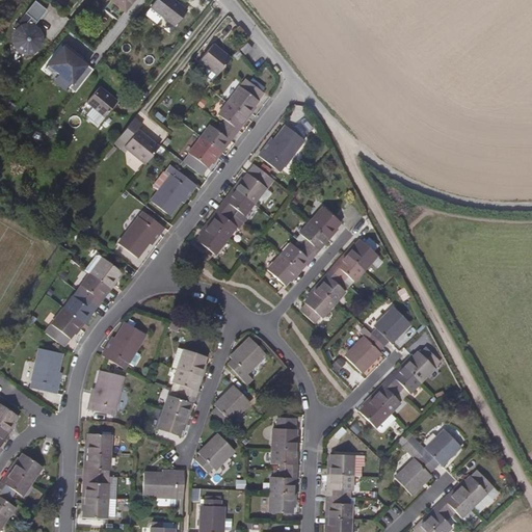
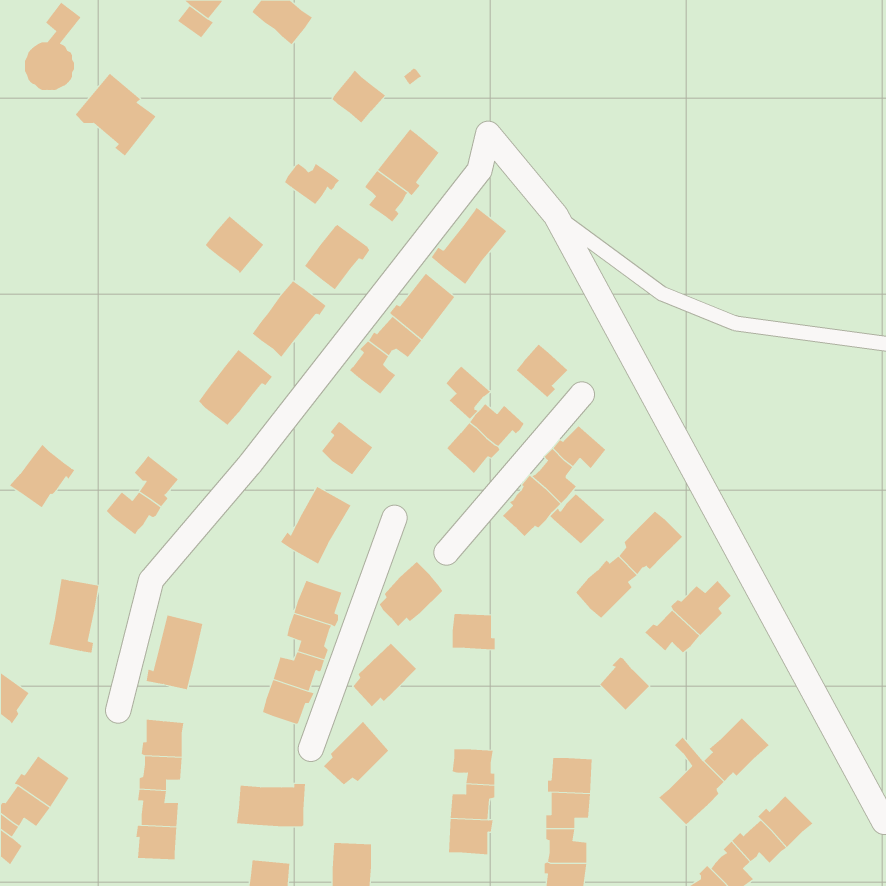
building: [88,87,118,117] -> none
building: [203,124,236,149] -> [284,163,340,205]
building: [197,221,229,254] -> [321,421,373,475]
building: [300,222,327,255] -> [446,366,491,420]
building: [345,240,378,270] -> [550,494,605,544]
building: [89,257,121,288] -> none
building: [45,307,84,345] -> [9,444,75,508]
building: [102,320,144,367] -> [280,486,351,564]
building: [374,379,400,411] -> none
building: [272,428,298,450] -> [452,613,495,650]

